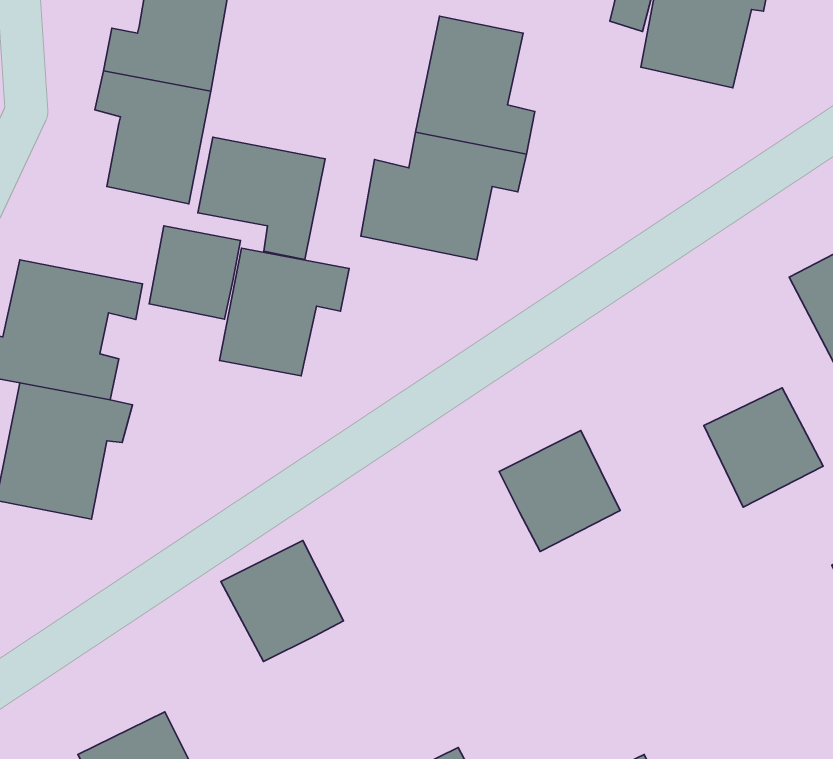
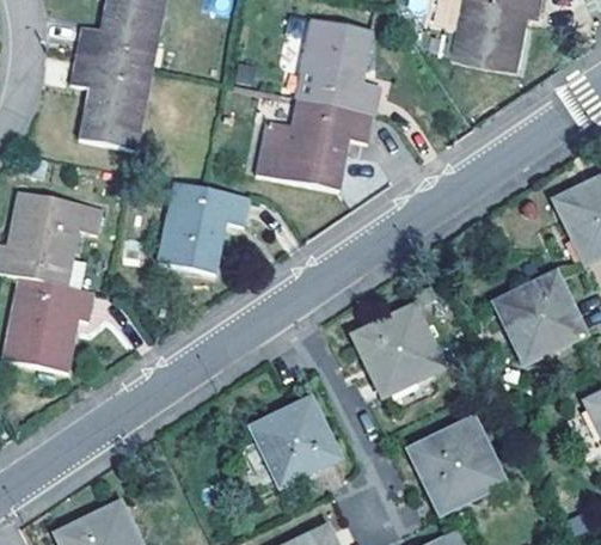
building: [198,137,325,259] -> none
building: [149,226,240,319] -> none
building: [221,541,344,662] -> [251,400,337,485]
building: none -> [411,422,501,510]

